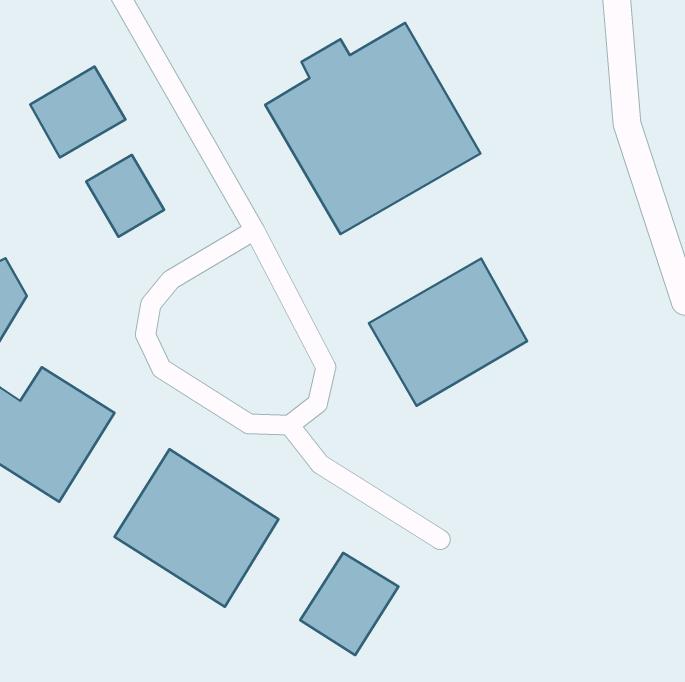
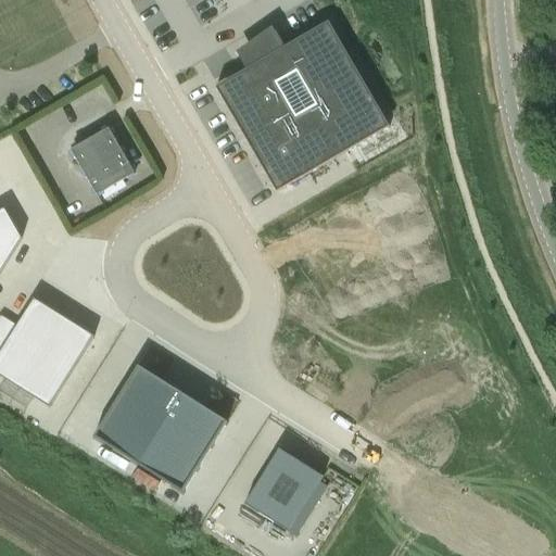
building: [30,66,126,158] -> none
building: [369,259,527,406] -> none

